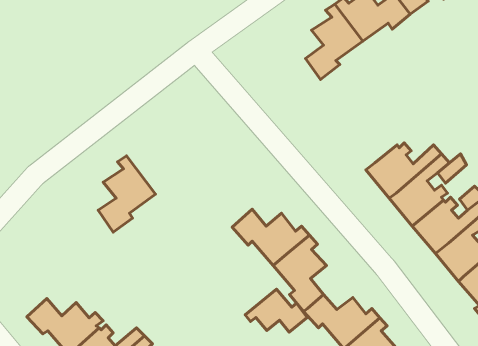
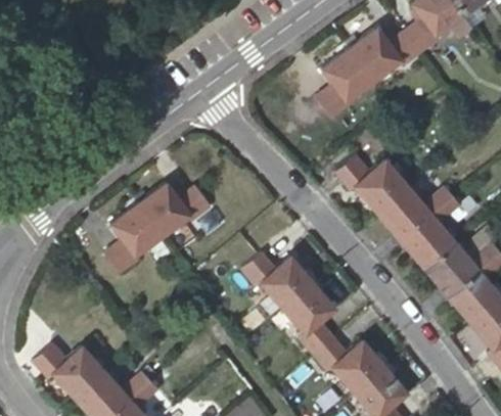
building: none -> [334,154,412,212]
building: none -> [133,183,213,236]
building: [245,289,307,332] -> none

